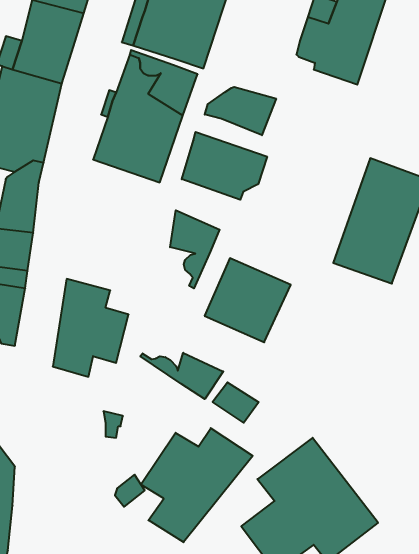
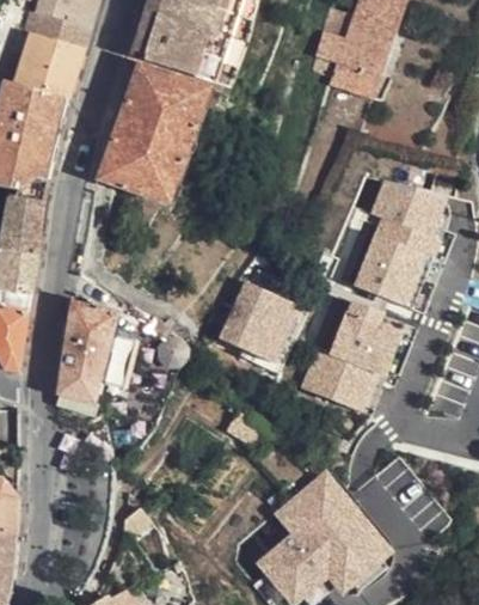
building: [205,87,276,135] -> none
building: [182,132,267,200] -> none
building: [170,210,220,288] -> none
building: none -> [307,298,403,412]
building: [140,353,223,399] -> none
building: [141,428,253,542] -> none

